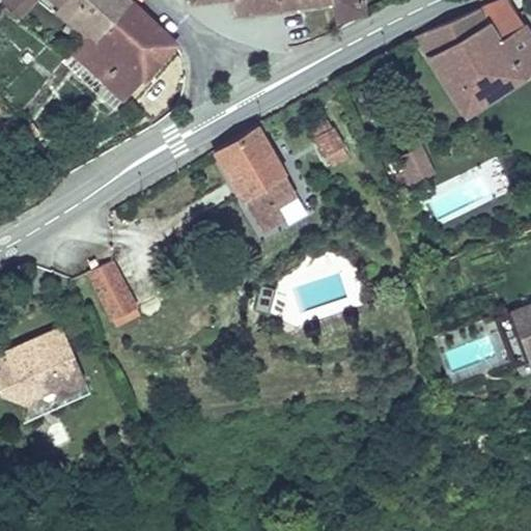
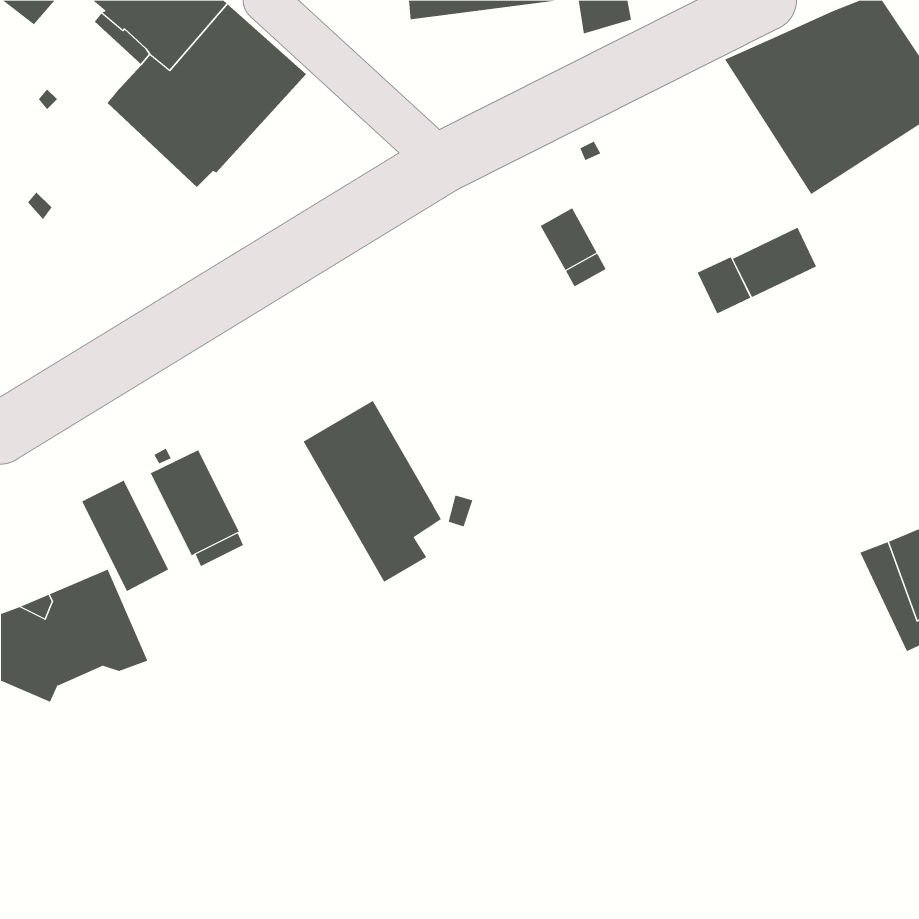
building: [217,125,297,230] -> [303,400,442,582]
building: none -> [732,227,817,298]
building: none -> [81,479,169,592]

